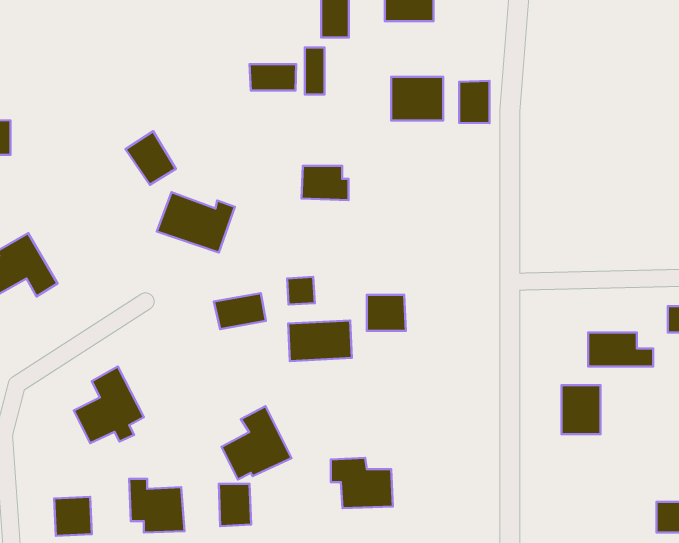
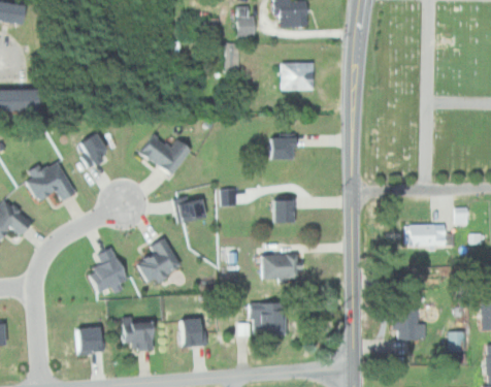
building: [250,64,296,91] -> none
building: [459,81,489,123] -> none
building: [125,131,176,185] -> [72,132,104,166]
building: [301,166,349,200] -> [262,138,292,160]
building: [288,320,352,361] -> [257,254,297,280]
building: [561,385,601,434] -> [396,309,421,340]
building: [221,406,291,479] -> [133,236,177,283]

